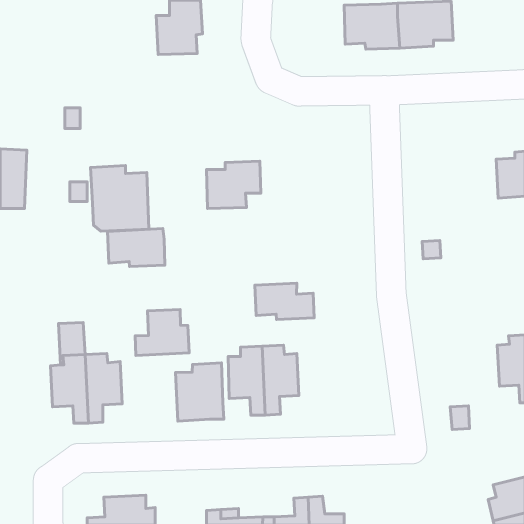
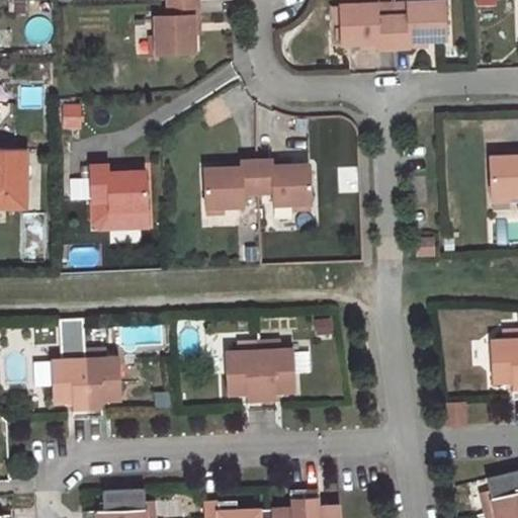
building: none -> [257,159,312,203]
building: [107,228,165,266] -> none
building: [255,283,314,320] -> none
building: [135,310,189,355] -> none
building: [175,363,224,421] -> none

